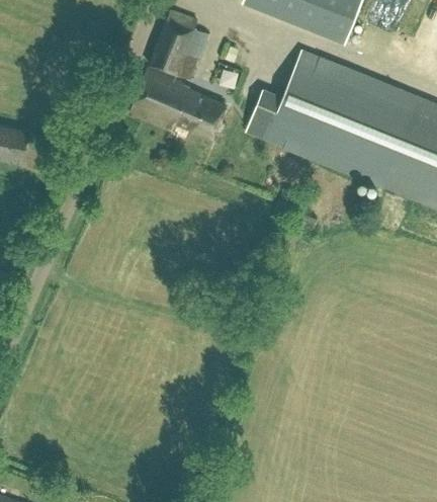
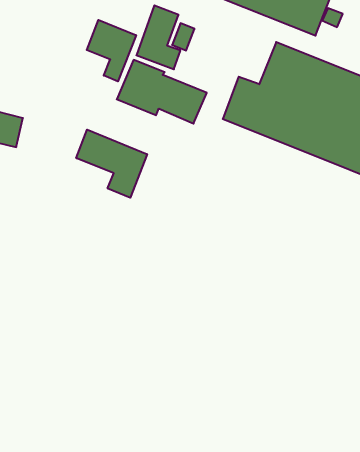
building: none -> [87,20,136,81]
building: none -> [76,130,147,198]

